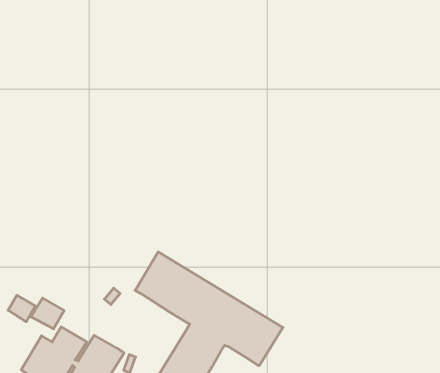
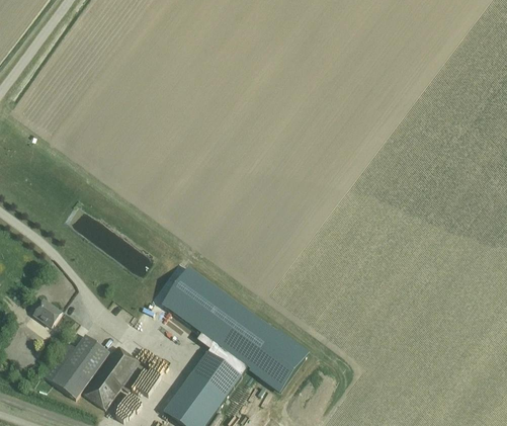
building: [31,298,64,329] -> none

